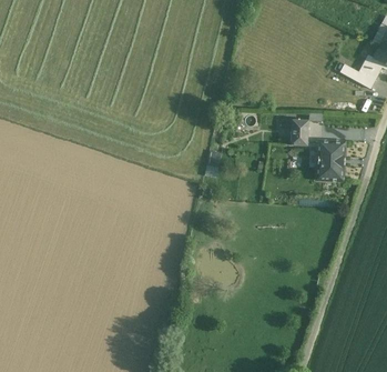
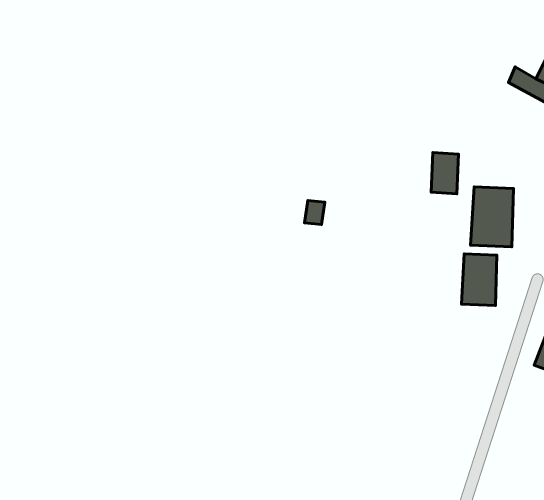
building: none -> [461,254,497,306]

